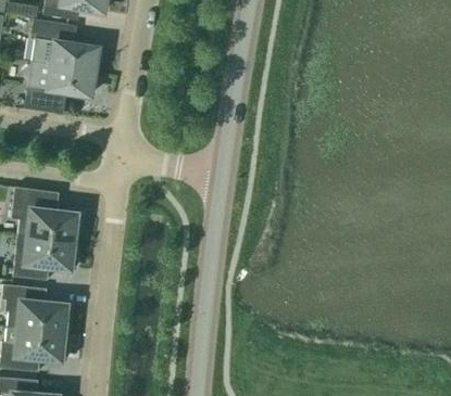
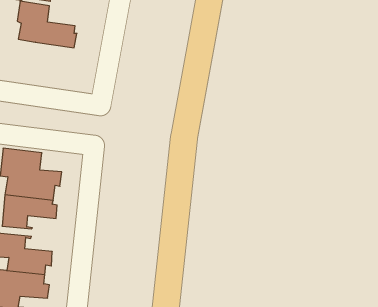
building: [25,62,96,113] -> none

